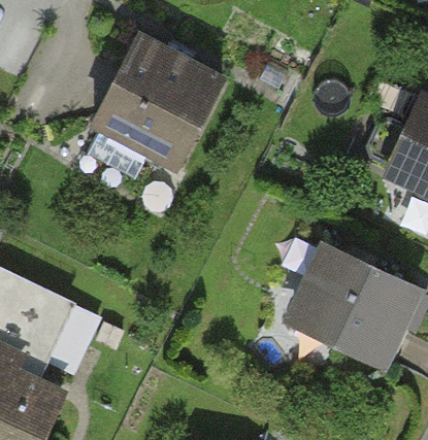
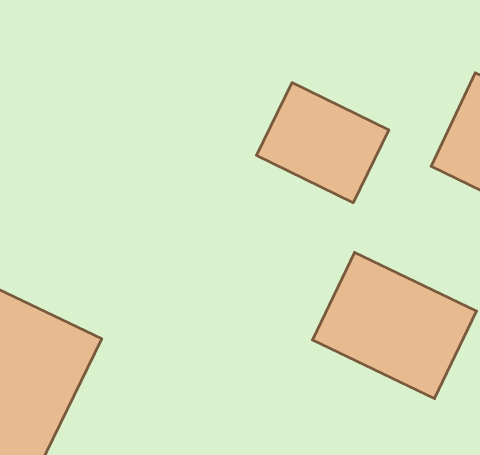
building: [91,39,221,171] -> none
building: none -> [256,83,389,203]

